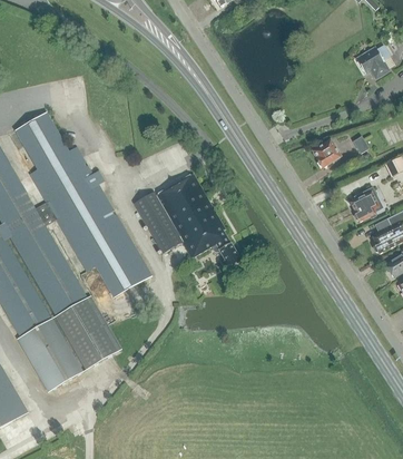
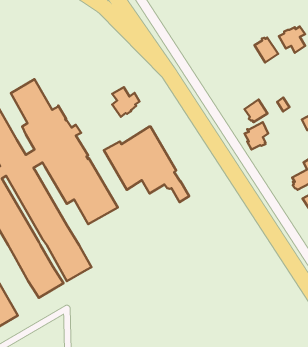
building: none -> [255,38,278,62]
building: none -> [112,87,140,117]
building: [350,187,380,222] -> [244,122,268,149]

